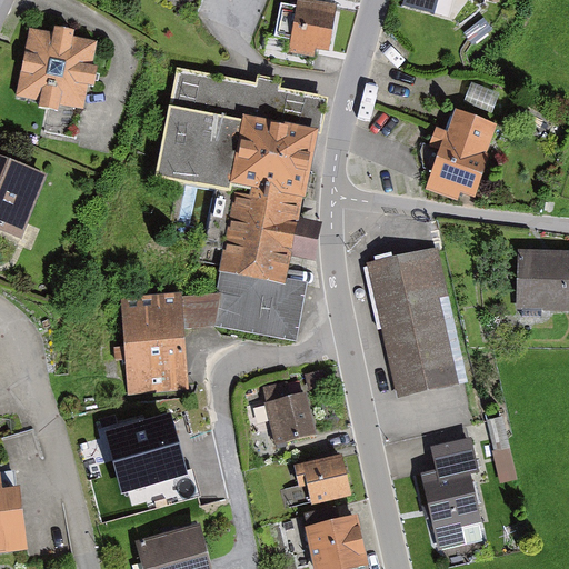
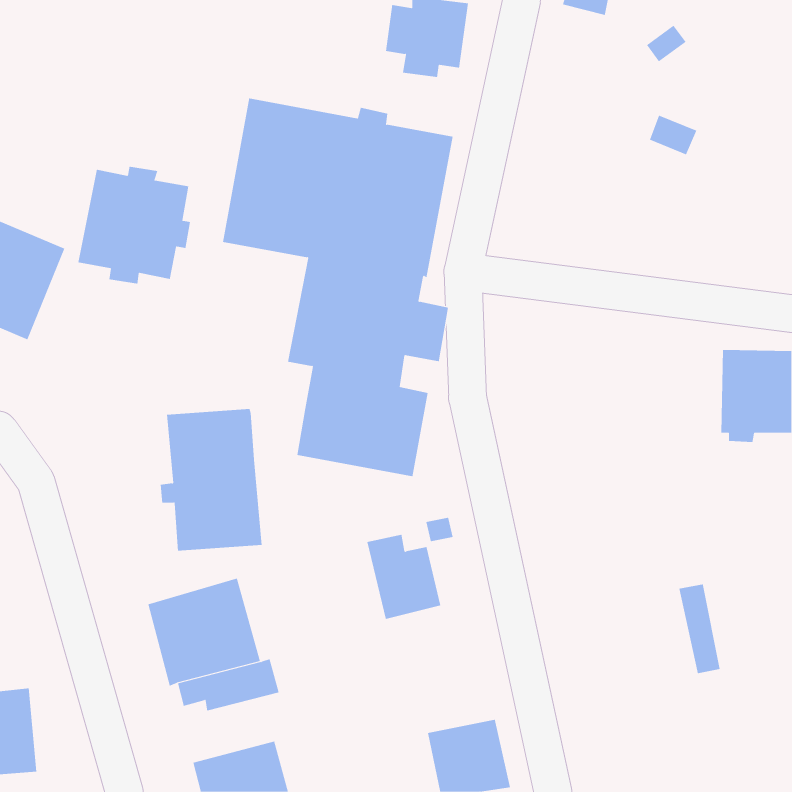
building: [16,26,97,110] -> [77,166,191,284]
building: [425,108,498,199] -> none
building: [367,247,457,396] -> none
building: [180,292,218,329] -> none
building: [420,438,485,550] -> none
building: [292,453,350,503] -> none

